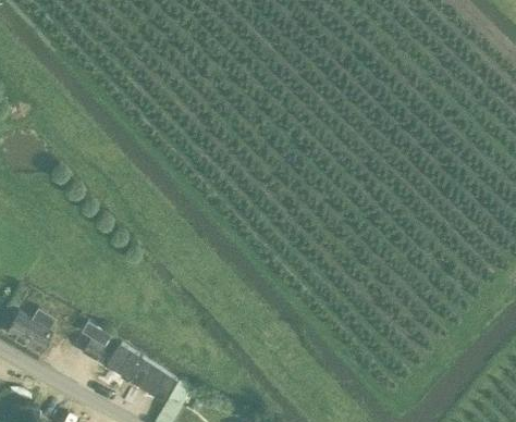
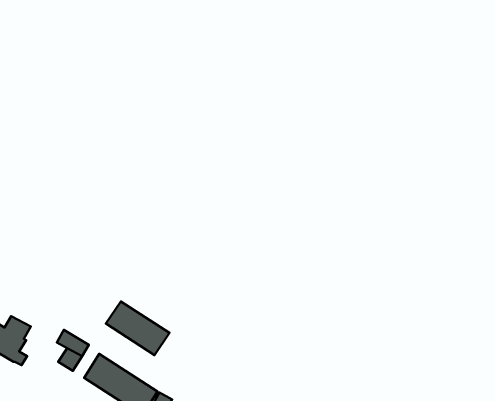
building: none -> [106,301,169,355]

